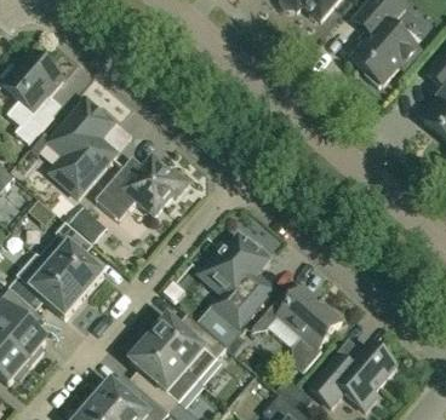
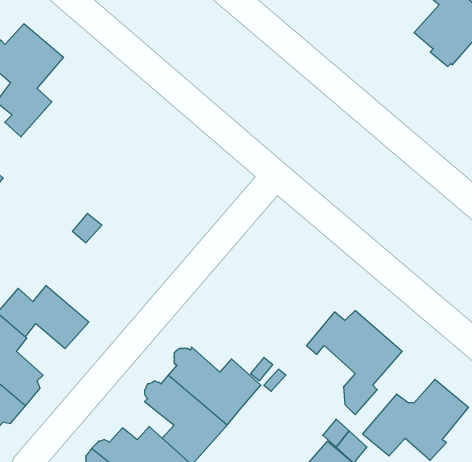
building: [47,98,116,196] -> none
building: [95,155,188,219] -> none
building: [39,221,103,295] -> none
building: [198,235,273,327] -> none

